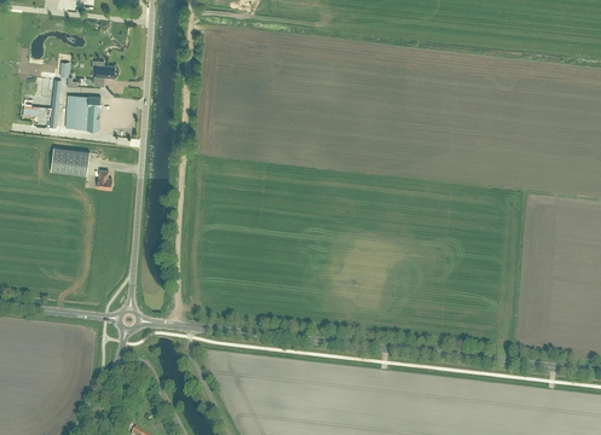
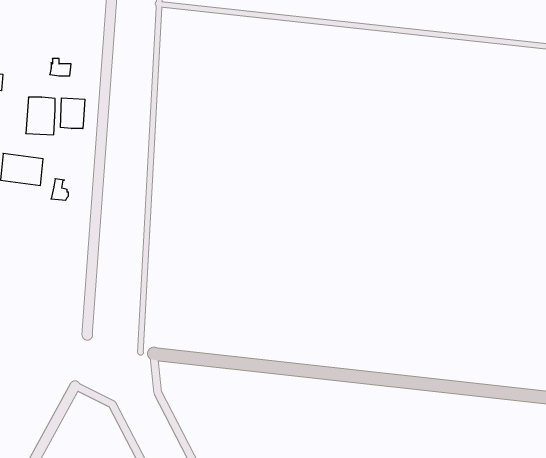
building: none -> [60,98,85,129]

